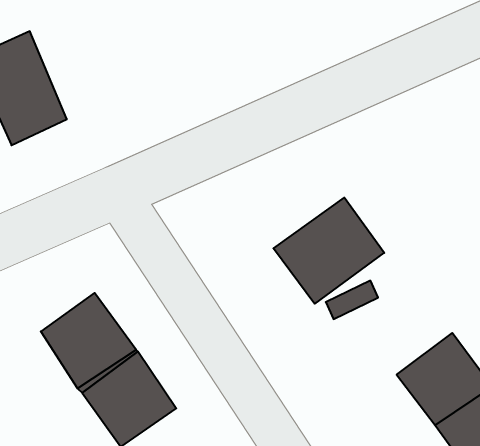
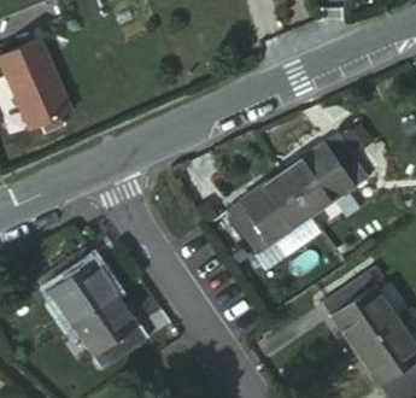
building: none -> [282,131,368,215]

